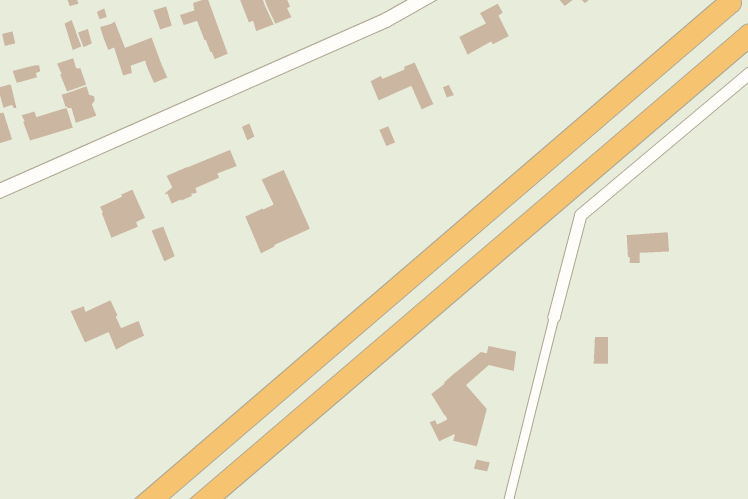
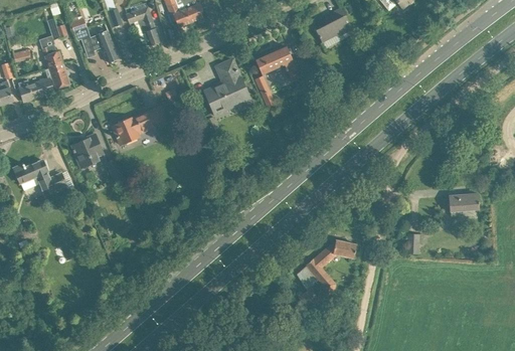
building: [244,169,311,254] -> [204,58,249,117]
building: [626,231,670,264] -> [448,193,478,215]
building: [70,299,145,351] -> [13,159,64,194]

